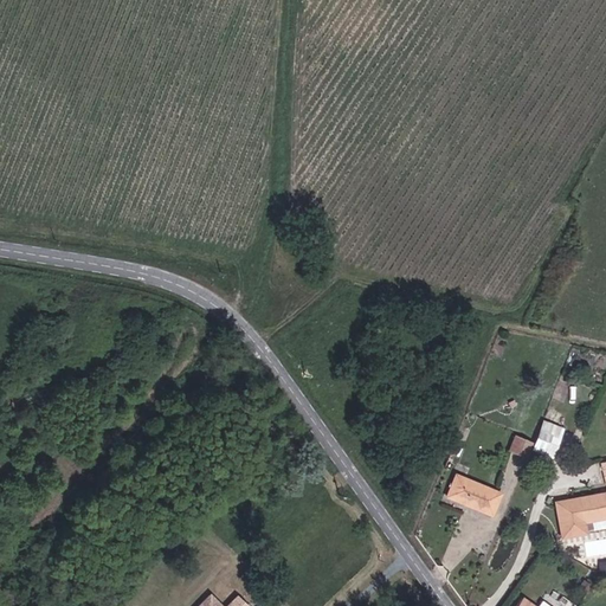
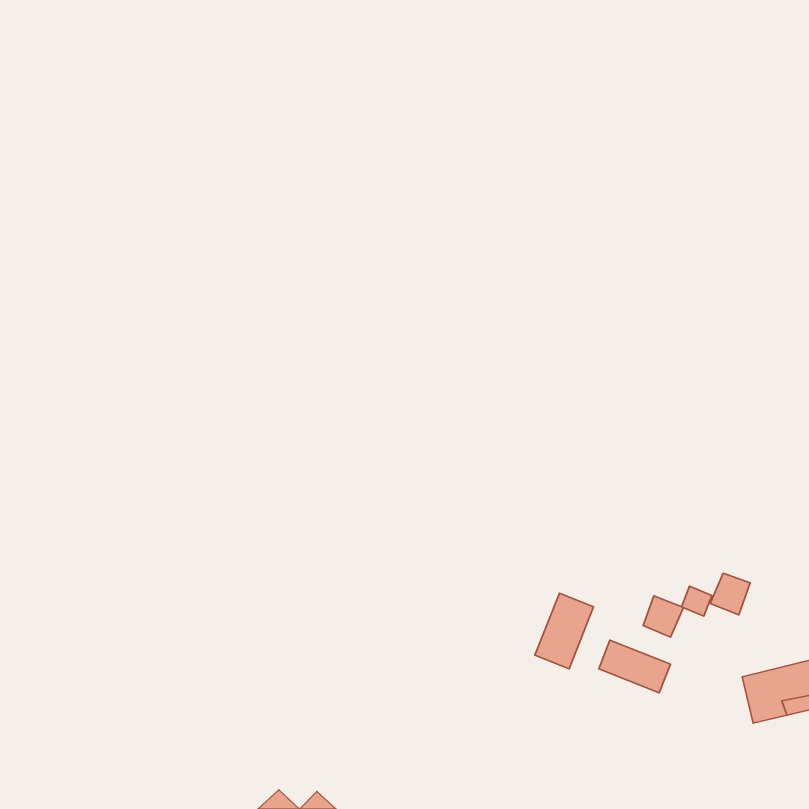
building: none -> [535,593,594,669]
building: none -> [643,596,684,637]

